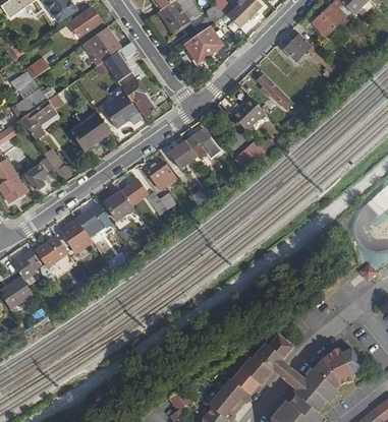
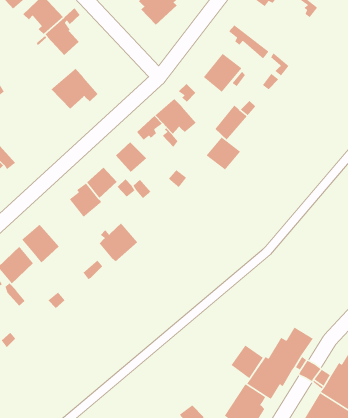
building: [122,78,154,116] -> none
building: [69,112,109,149] -> none
building: none -> [206,136,241,171]
building: [76,203,110,236] -> [99,223,138,262]
building: none -> [231,345,264,379]

